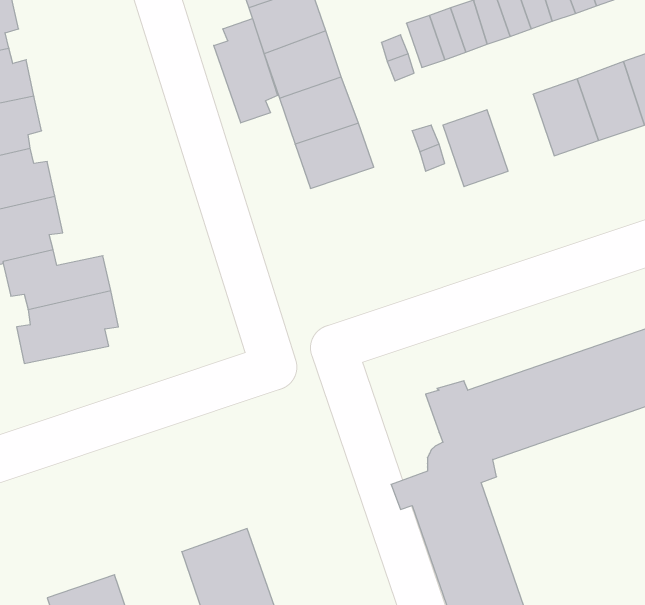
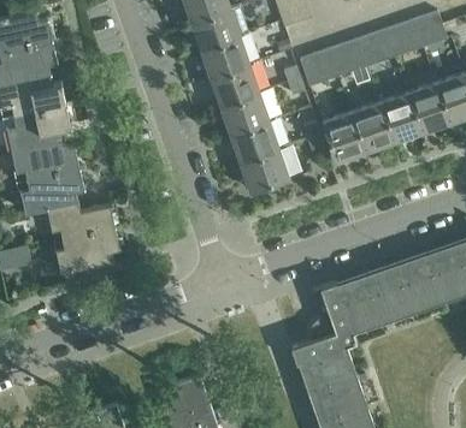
building: [214,19,277,123] -> none
building: none -> [349,105,391,153]
building: none -> [238,150,288,192]

